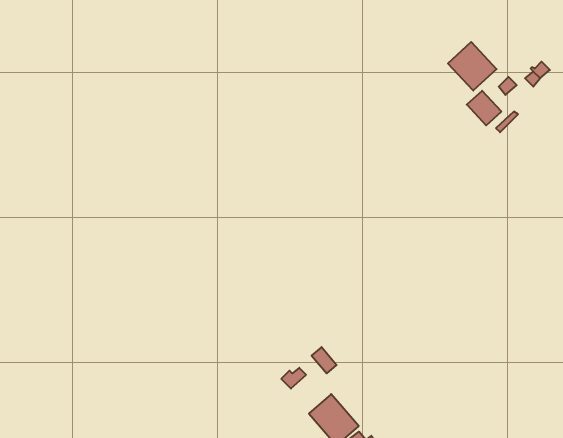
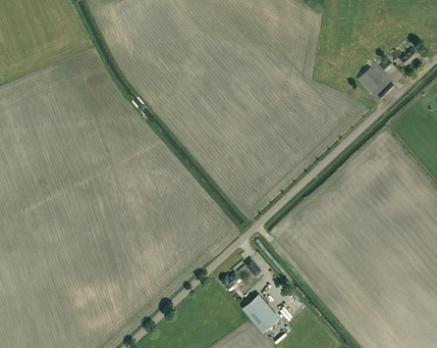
building: [448,42,497,91] -> none

